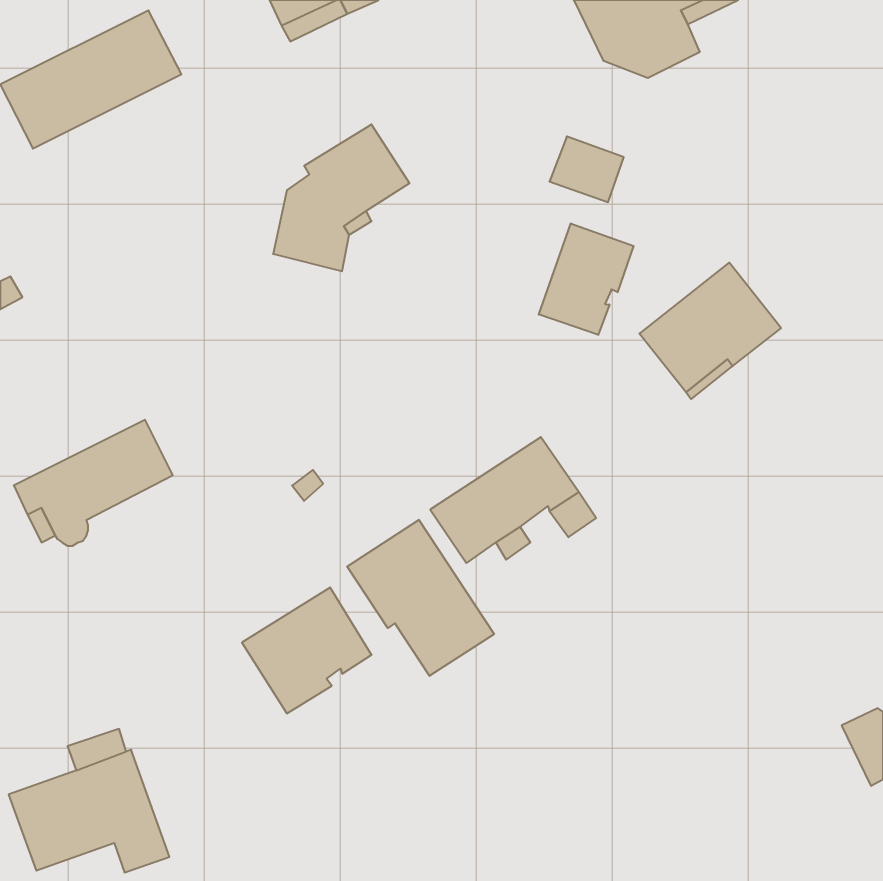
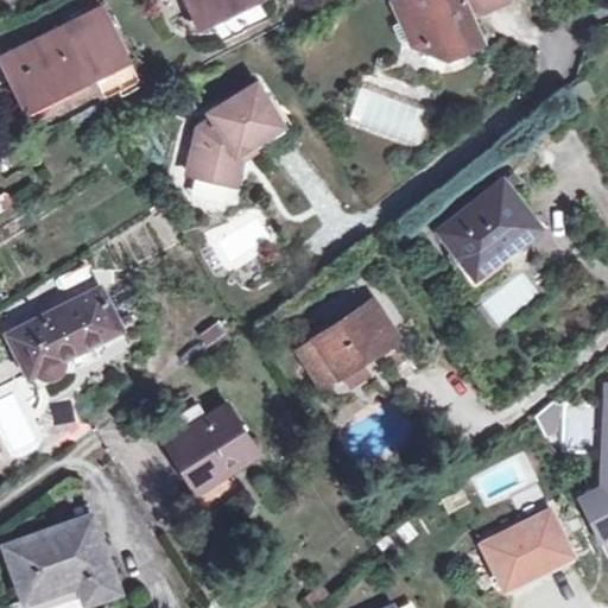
building: [539,223,634,335] -> none
building: [347,520,494,676] -> none
building: none -> [481,509,571,589]

